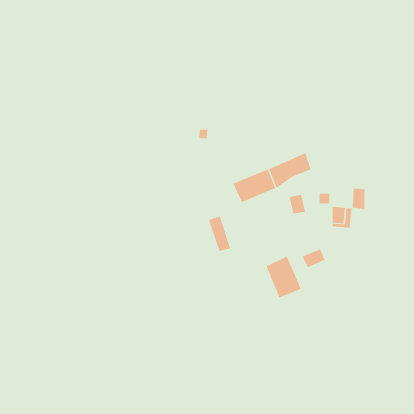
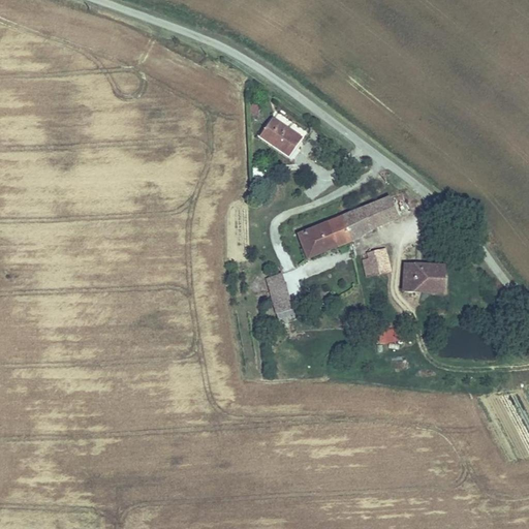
building: none -> [262,122,301,156]
building: [352,188,365,209] -> [405,261,422,288]
building: [266,256,302,298] -> none

